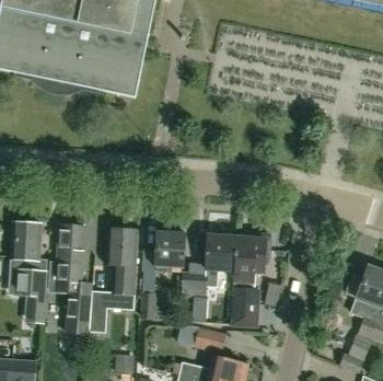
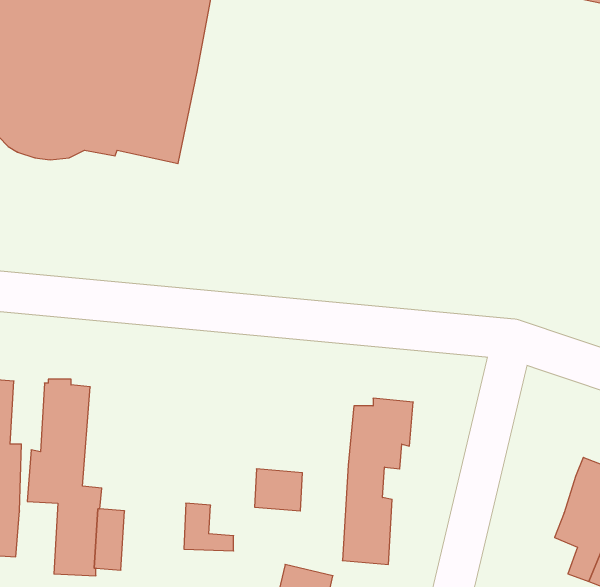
building: [106,227,141,296] -> none
building: [153,230,185,267] -> none
building: [205,234,236,270] -> none

